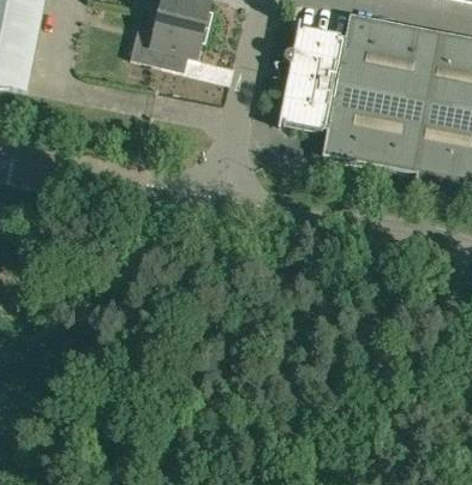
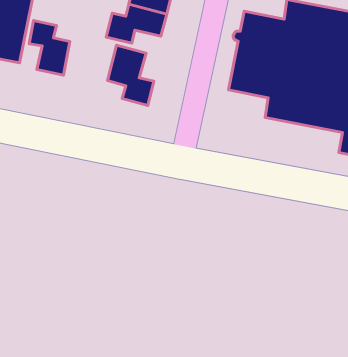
building: none -> [29,21,70,75]
building: none -> [108,45,154,105]

